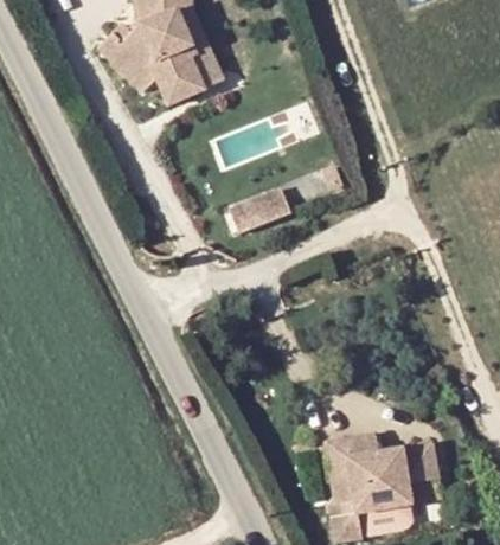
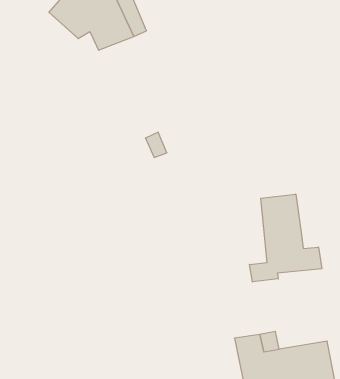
building: [241,187,288,227] -> none
building: none -> [250,194,322,282]

